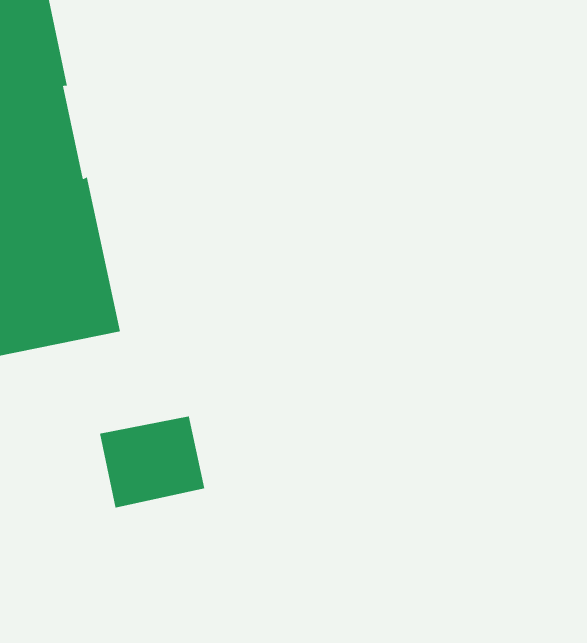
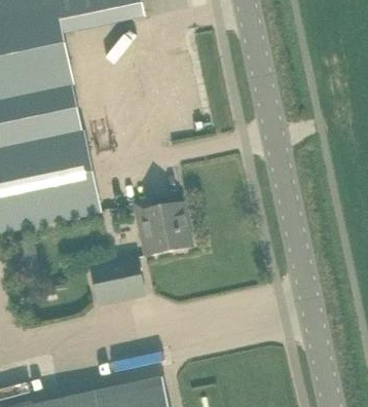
building: none -> [133,198,190,254]

